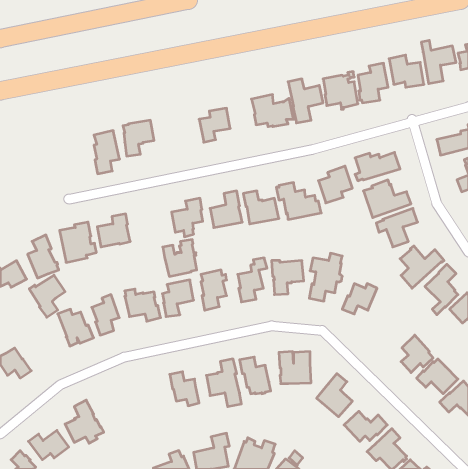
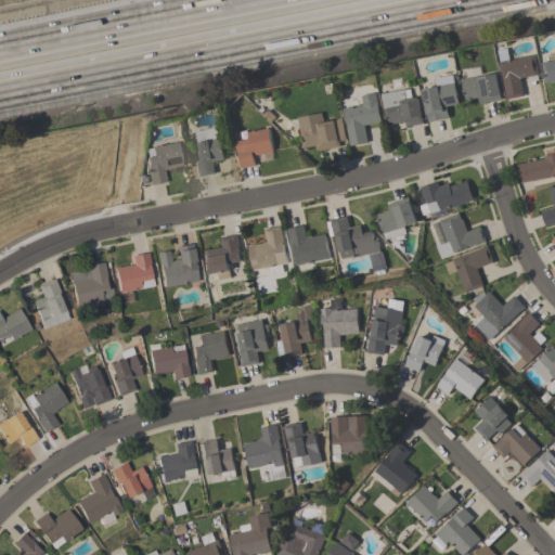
building: [94,131,120,174] -> [194,126,224,177]
building: [163,240,197,276] -> [158,244,198,287]
building: [29,275,65,317] -> [25,383,67,433]
building: none -> [438,359,486,399]
building: none -> [158,440,197,481]
building: none -> [112,462,152,498]

